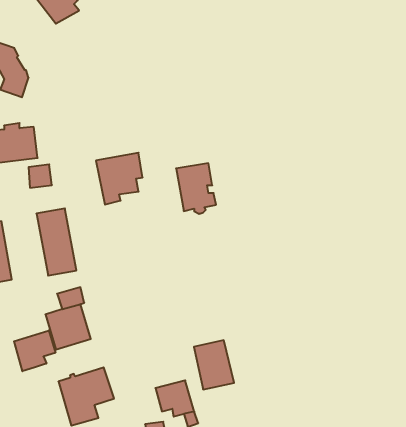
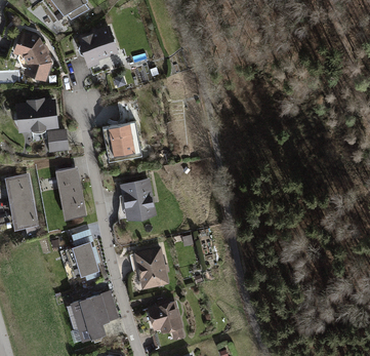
building: none -> [79,29,117,61]
building: [176,163,216,214] -> [123,181,155,221]
building: [14,330,55,371] -> none
building: [194,340,234,389] -> [136,248,168,287]

